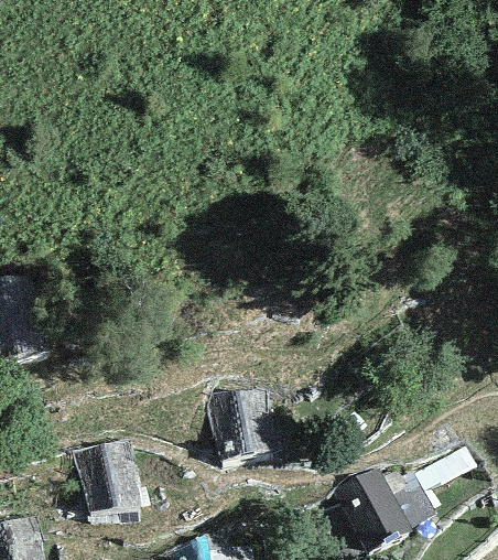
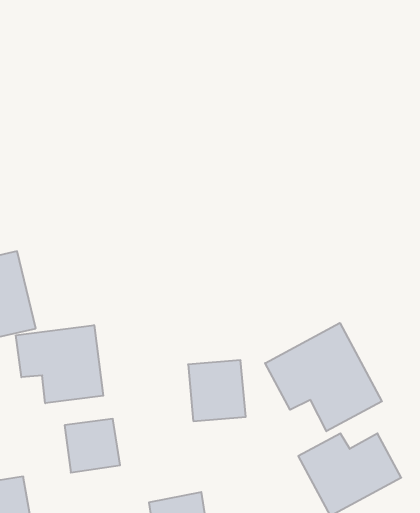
building: none -> [265,323,382,431]
building: none -> [16,325,103,403]

